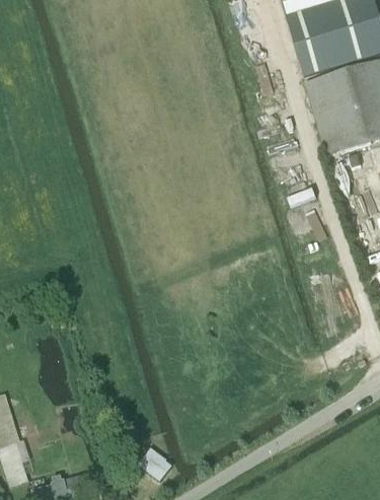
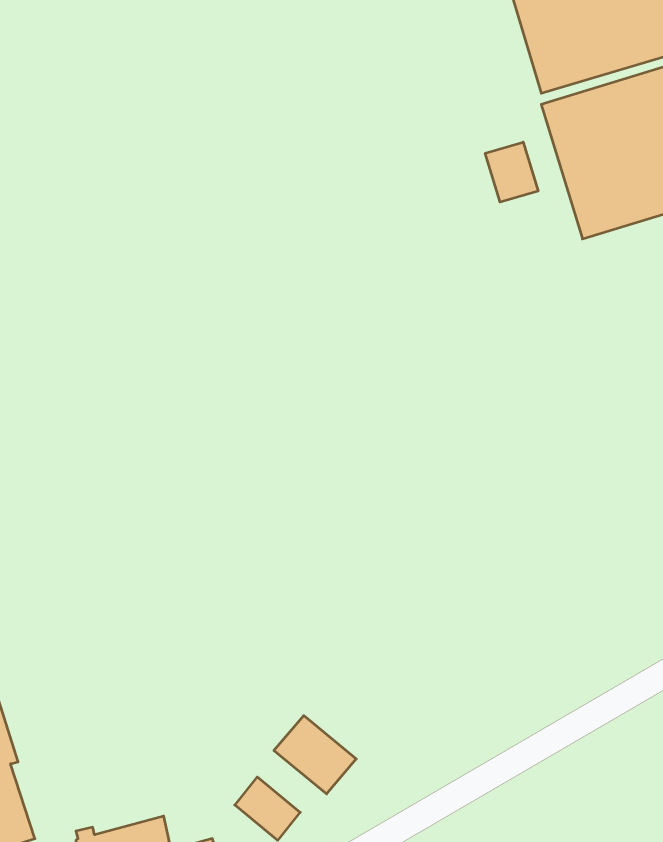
building: none -> [485,142,538,202]
building: none -> [274,716,356,794]

